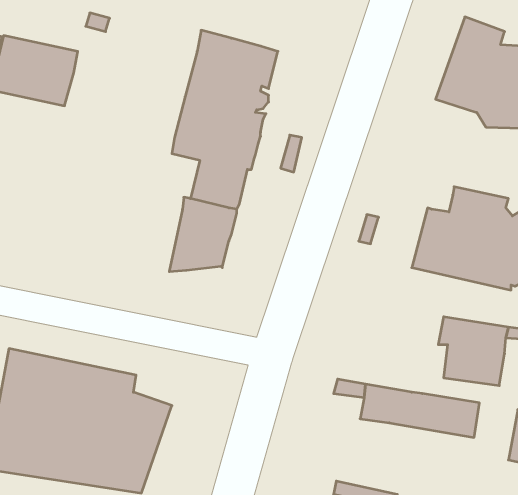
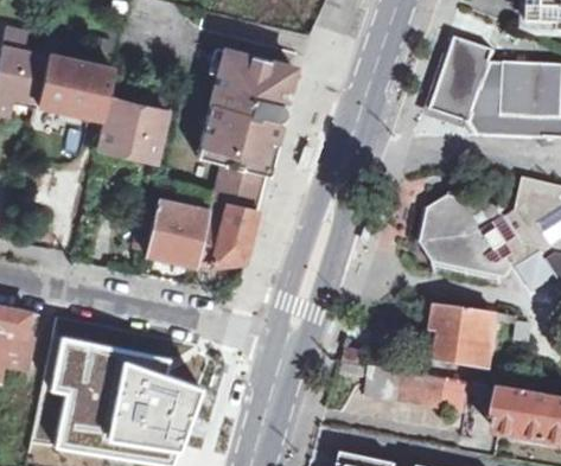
building: none -> [98,98,166,160]
building: none -> [145,199,208,264]

